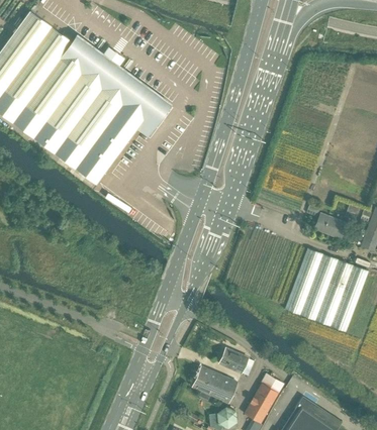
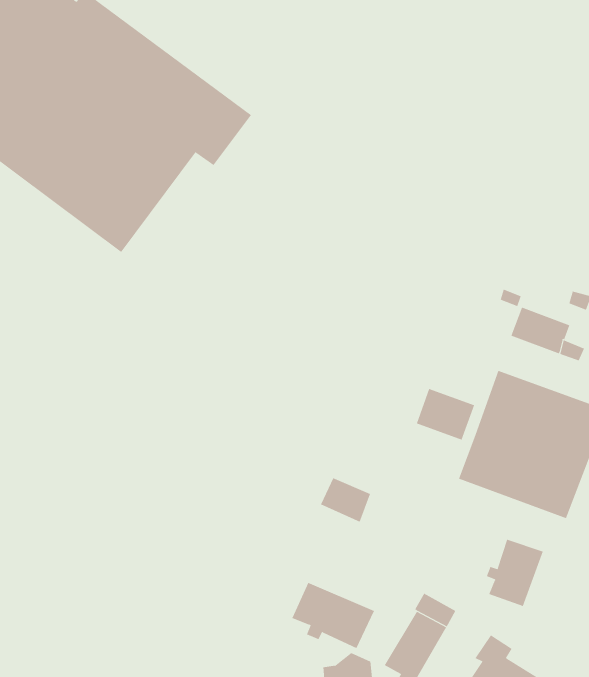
building: none -> [416,388,475,441]
building: none -> [486,539,544,607]
building: [219,348,248,373] -> [320,477,371,523]

